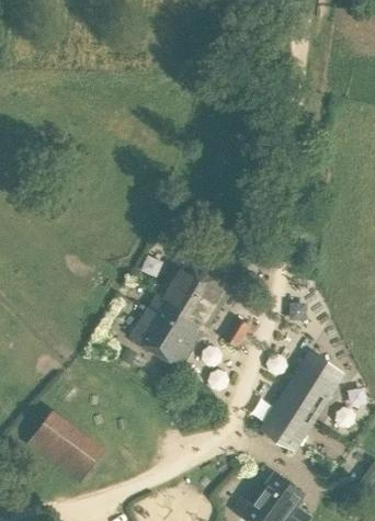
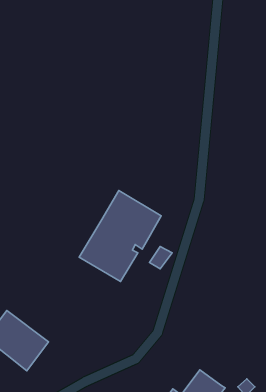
building: [258,360,338,455] -> none

